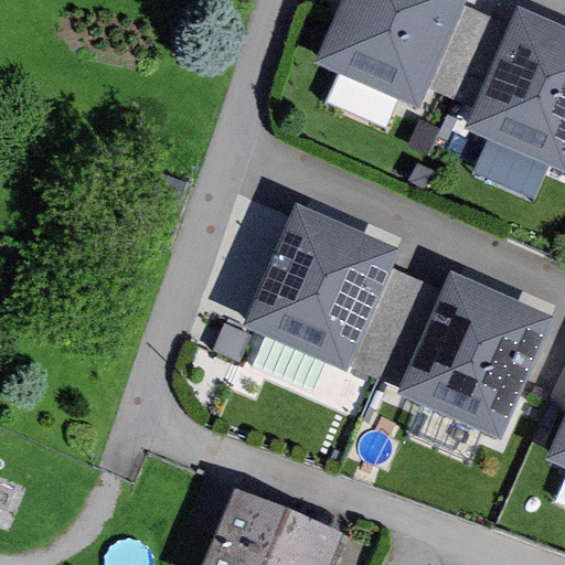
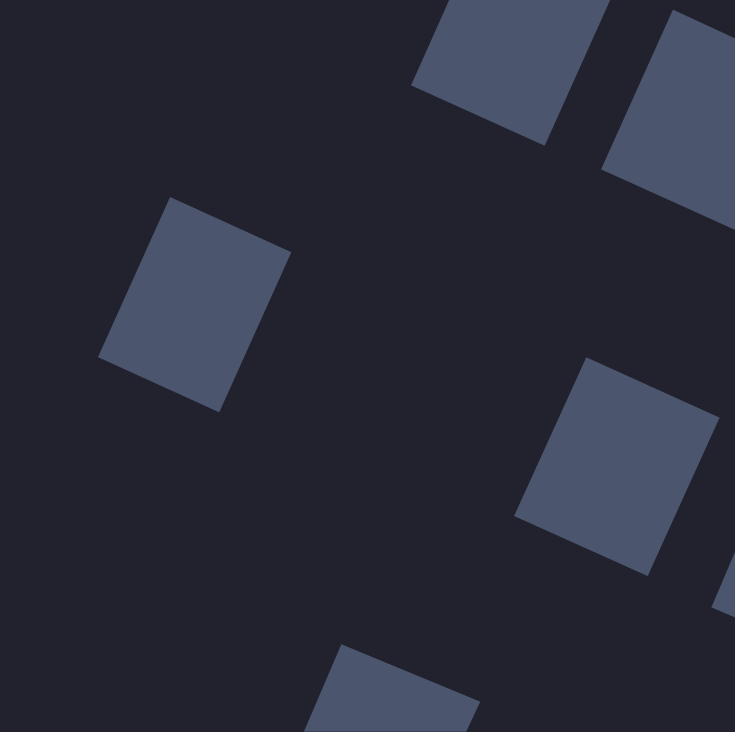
building: none -> [97,196,292,413]
building: [242,209,399,376] -> none

